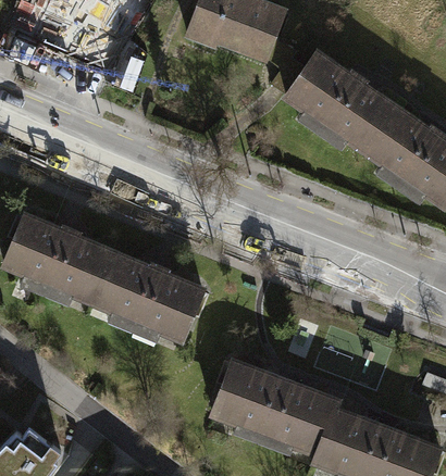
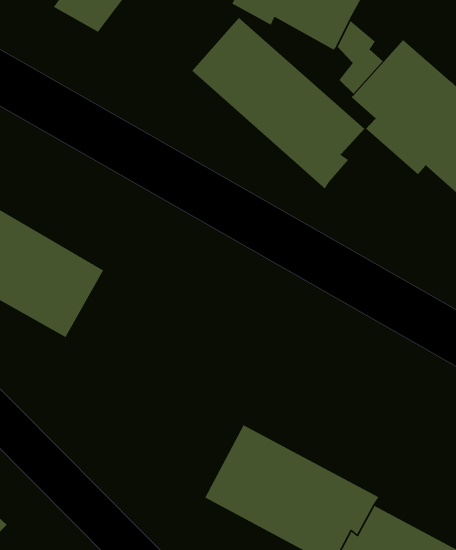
building: none -> [191,17,365,189]
building: [88,252,203,346] -> none

